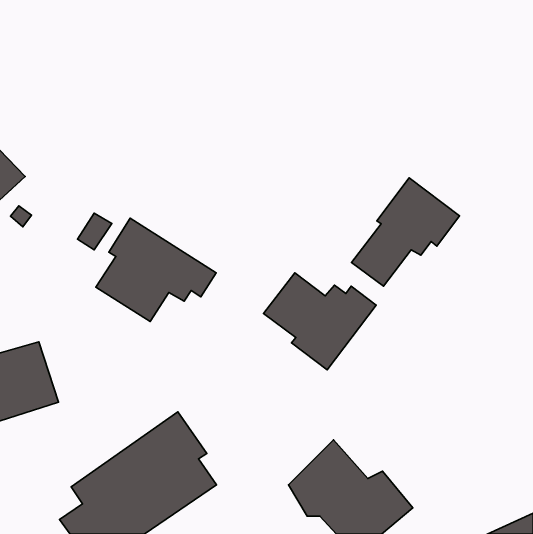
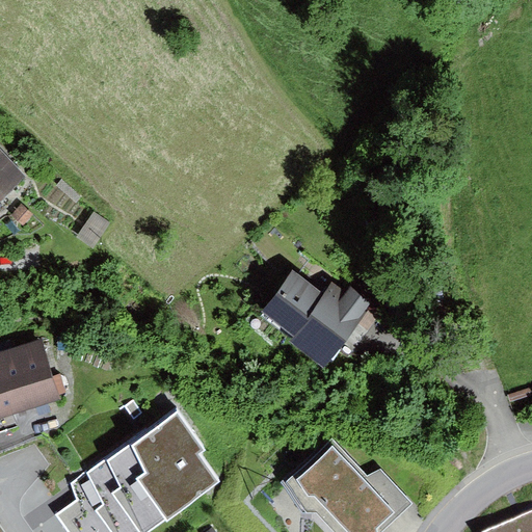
building: [351,178,460,286] -> none
building: [96,218,216,322] -> none

